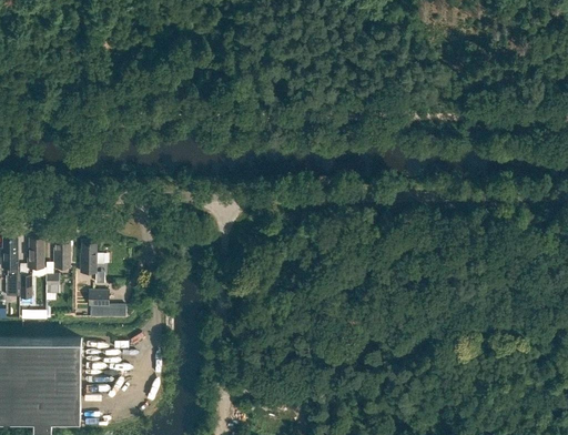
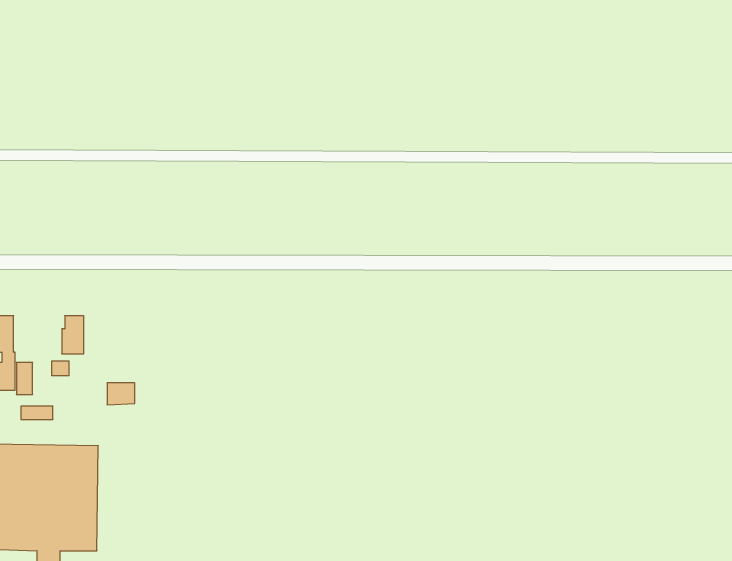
building: [27,242,43,272] -> none
building: [80,247,103,276] -> none

